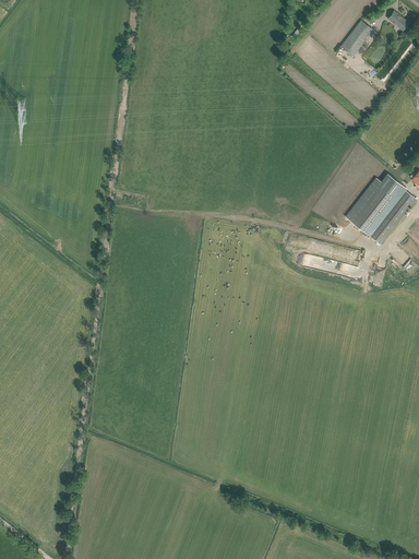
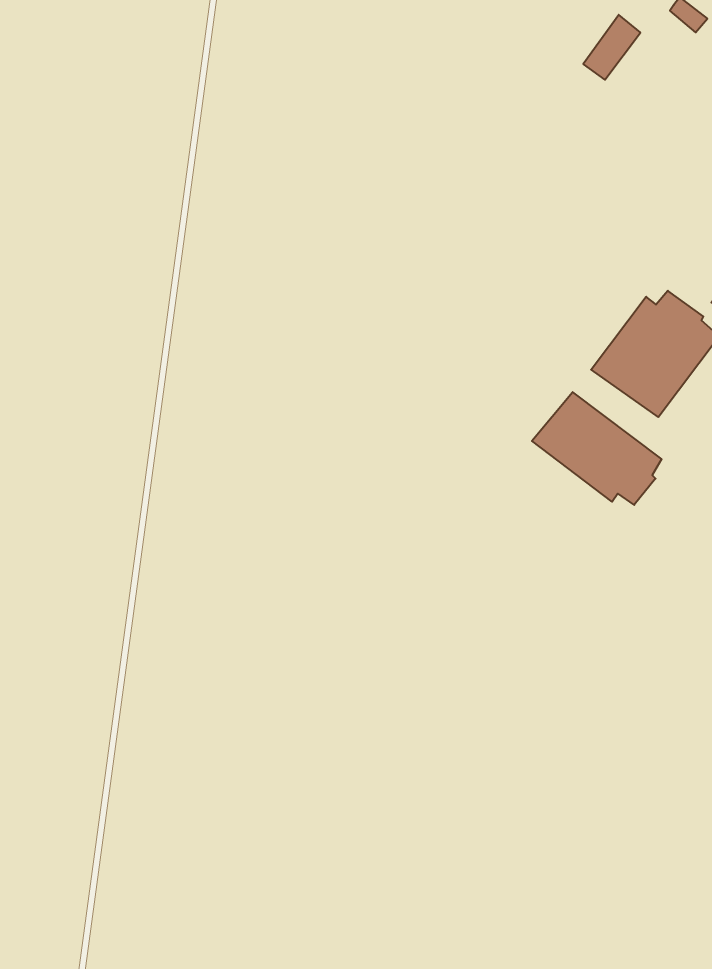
building: none -> [532,392,662,505]

